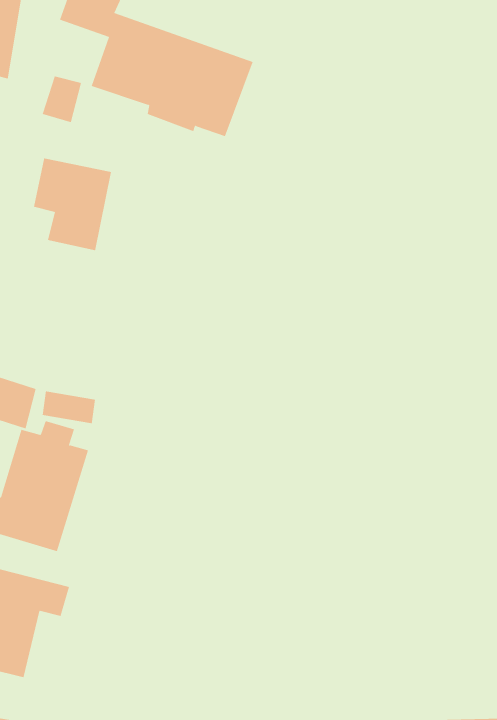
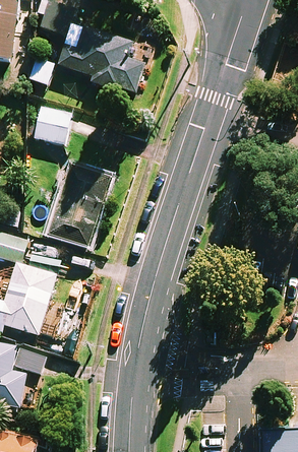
building: none -> [51,168,111,249]

